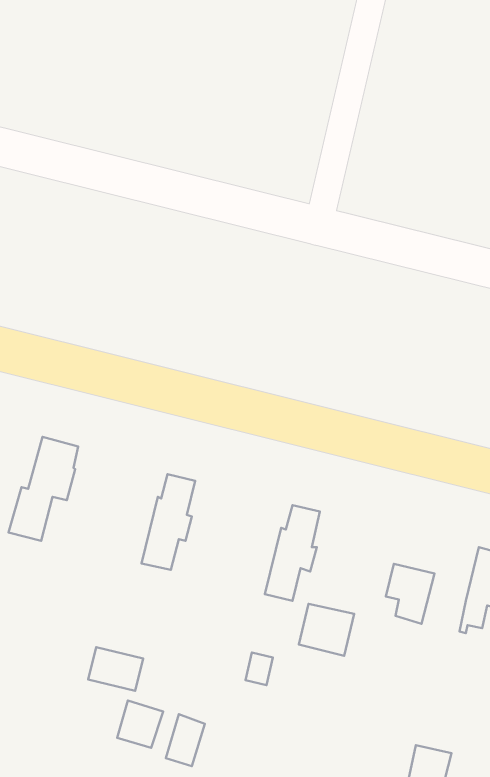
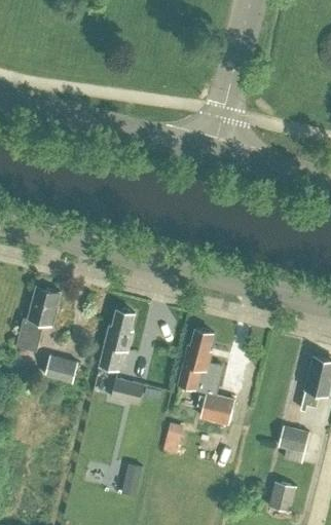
building: none -> [44,353,77,383]
building: [386,564,435,624] -> [278,425,308,463]
building: [88,647,143,691] -> [110,377,145,405]
building: [117,701,163,748] -> none

